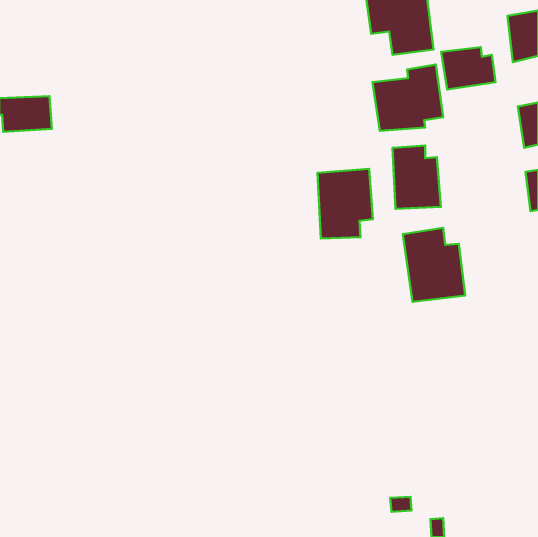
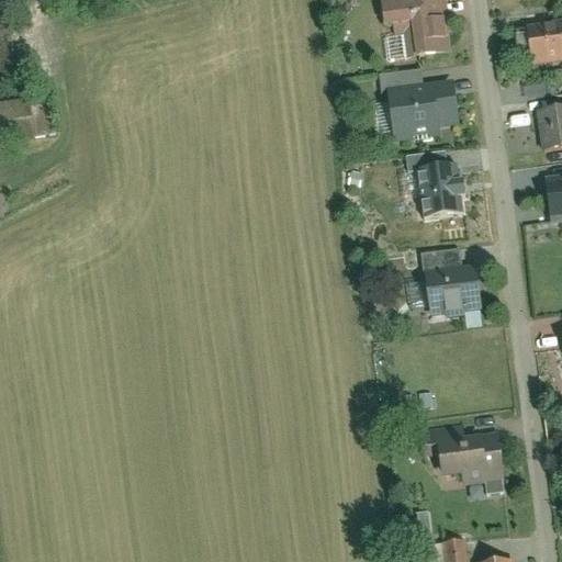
building: [441,47,496,89] -> none
building: [317,169,373,239] -> none
building: none -> [437,425,508,499]

